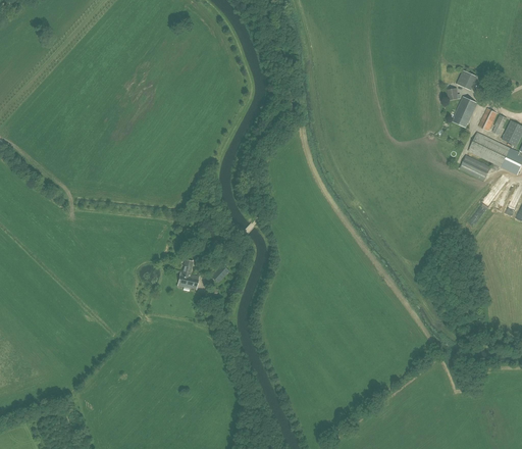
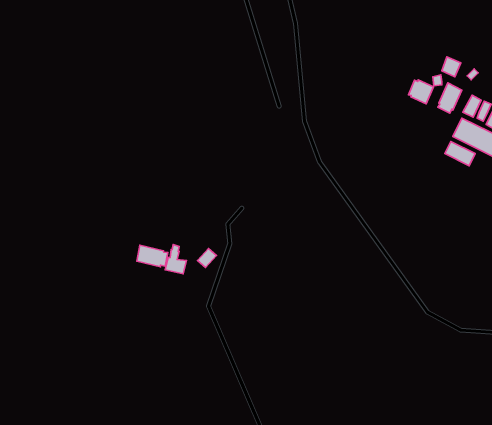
building: none -> [408,80,433,104]
building: none -> [137,245,168,267]

